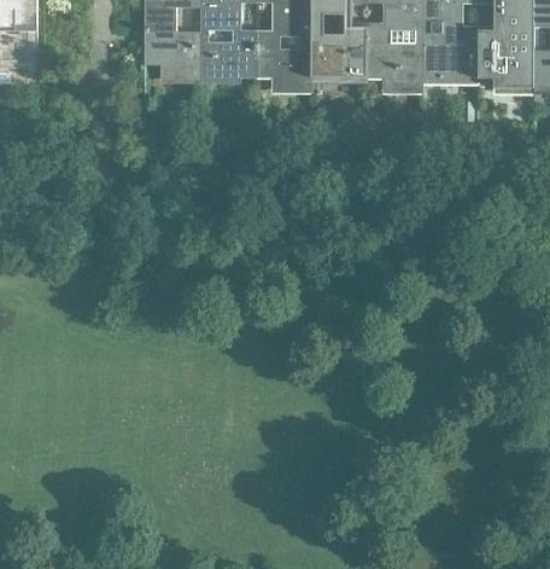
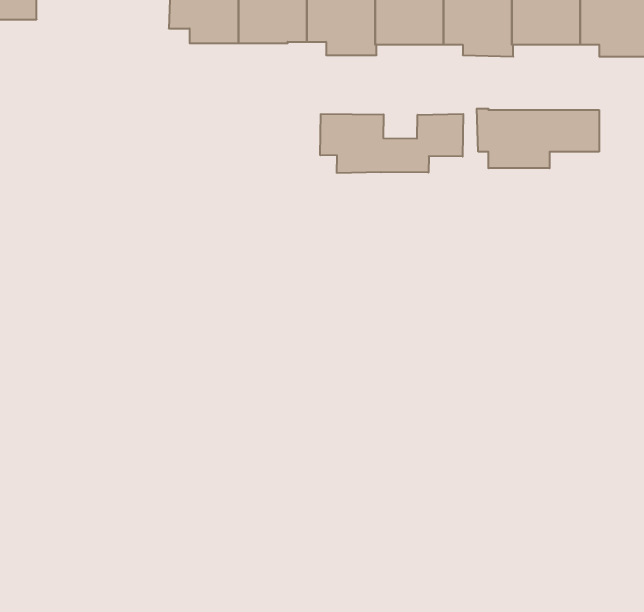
building: none -> [477,109,599,168]
building: none -> [320,114,463,173]

